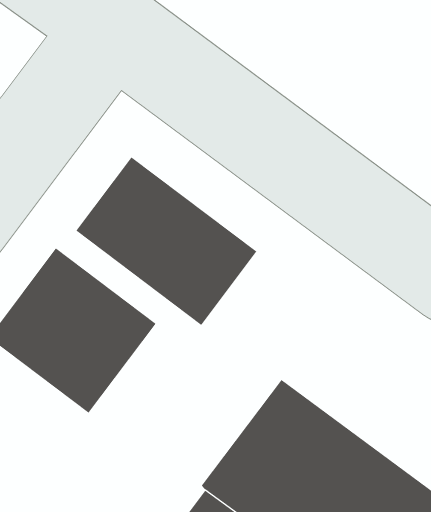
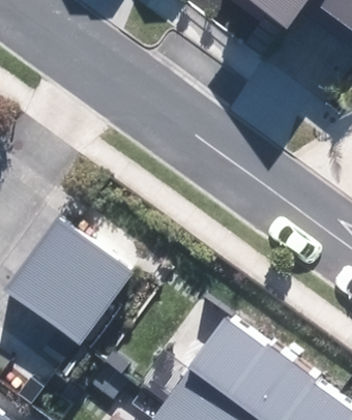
building: [75,157,257,326] -> none

